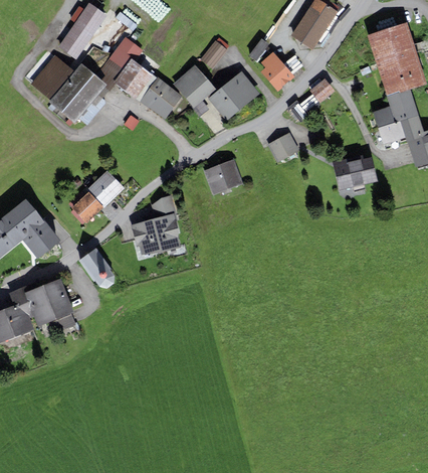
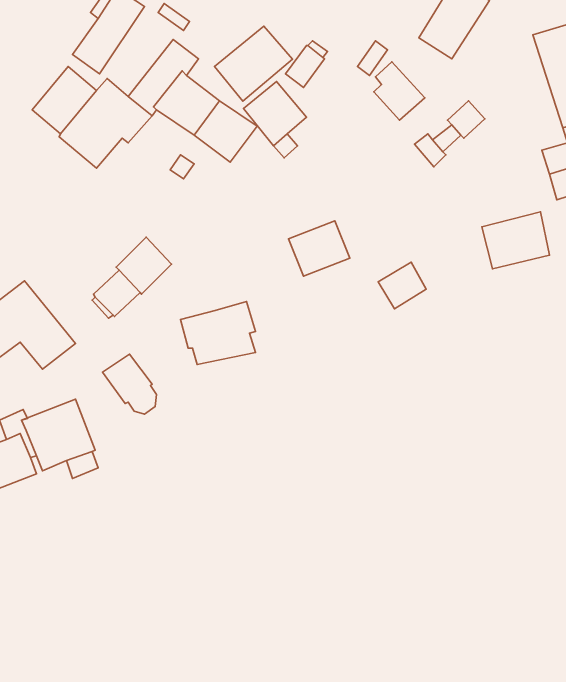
building: [208,70,260,121] -> [214,26,292,101]
building: [267,131,299,162] -> [378,262,426,309]
building: [152,195,175,218] -> none

